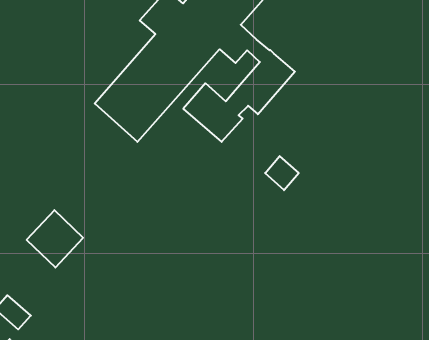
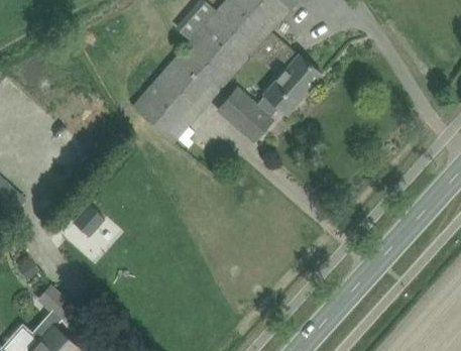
building: [265,156,299,190] -> none

